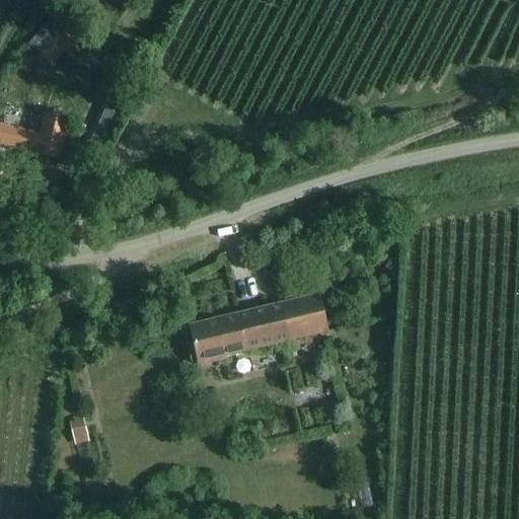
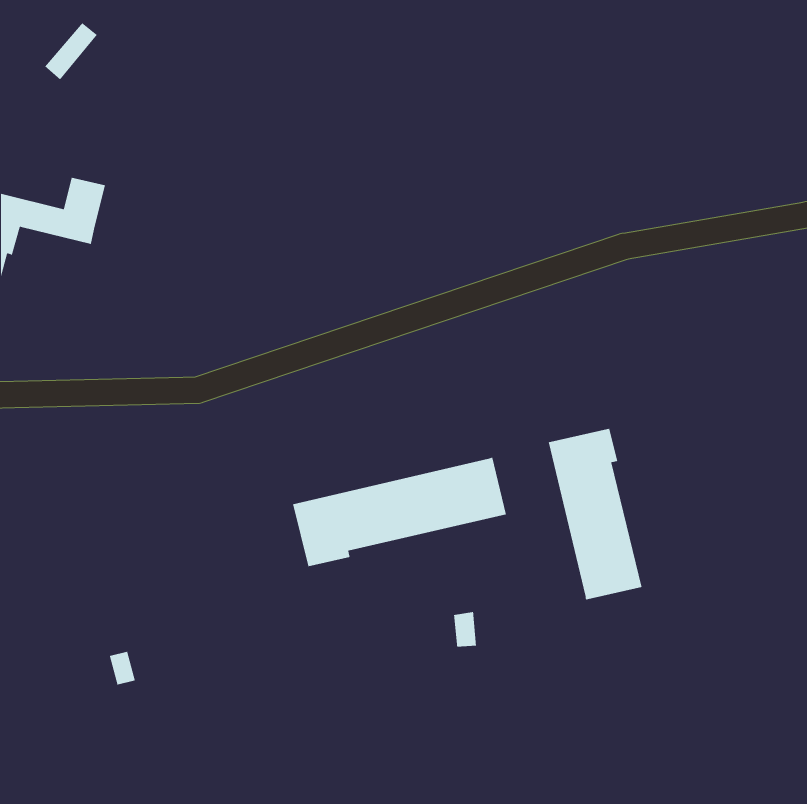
building: none -> [548,428,642,601]

